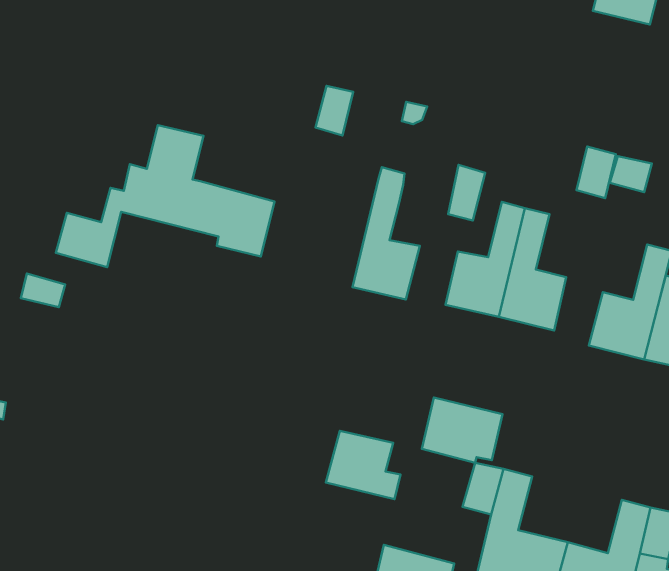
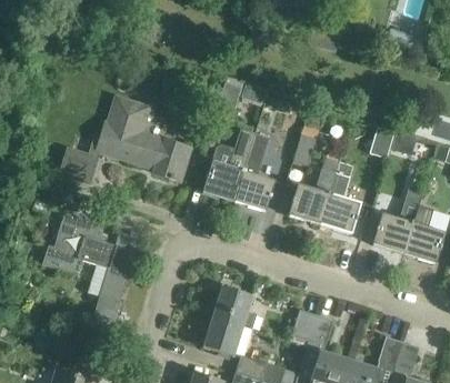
building: none -> [202,129,256,202]
building: none -> [43,210,142,327]
building: [422,397,502,463] -> [203,316,252,356]

